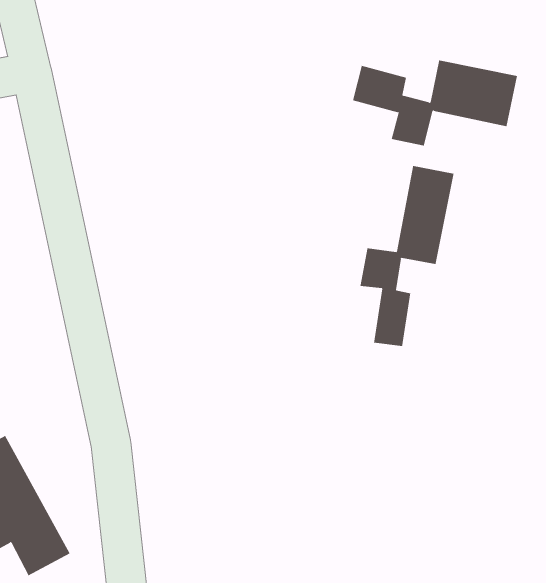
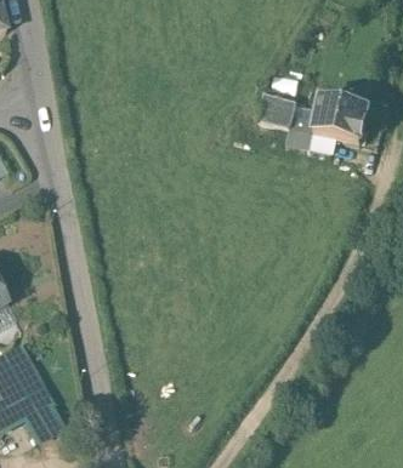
building: [360,165,454,347] -> none

